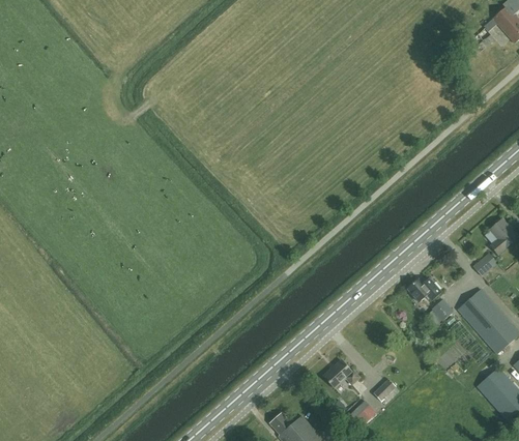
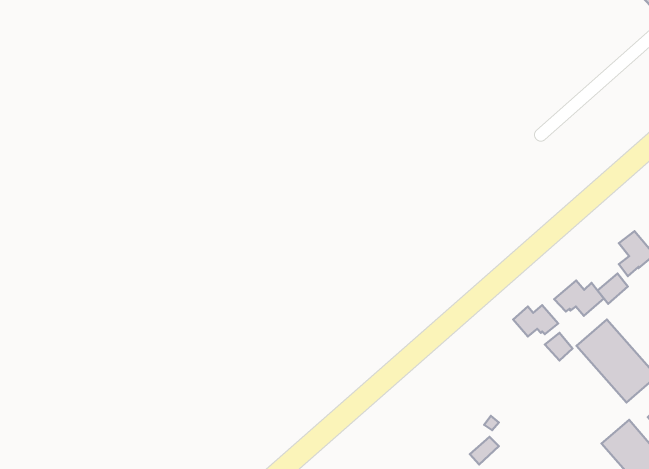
building: none -> [554,280,604,316]
building: [323,360,359,388] -> none

